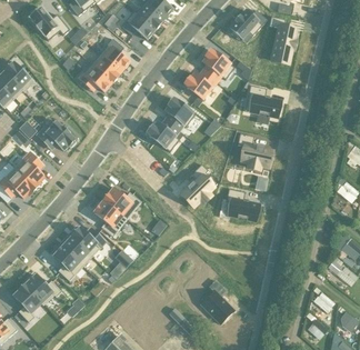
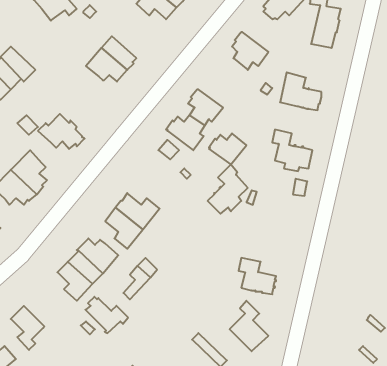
building: [99,38,129,72] -> none
building: [183,72,216,99] -> [209,133,246,165]
building: [226,189,258,220] -> [239,258,276,294]
building: [23,273,60,304] -> [85,297,128,333]

